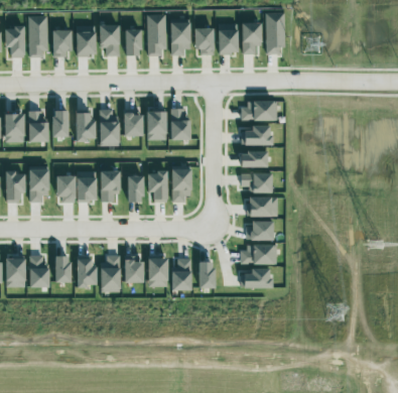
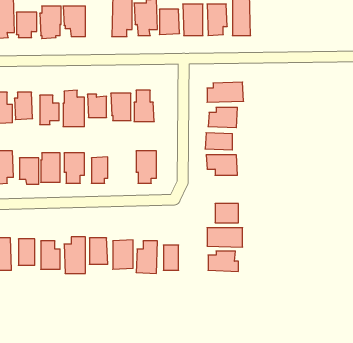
building: [124,29,142,55] -> none
building: [147,171,168,203] -> none
building: [248,196,279,218] -> none

